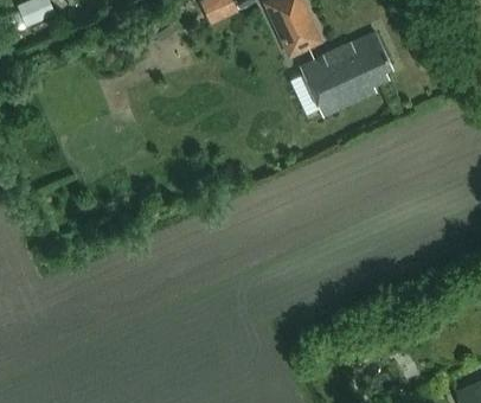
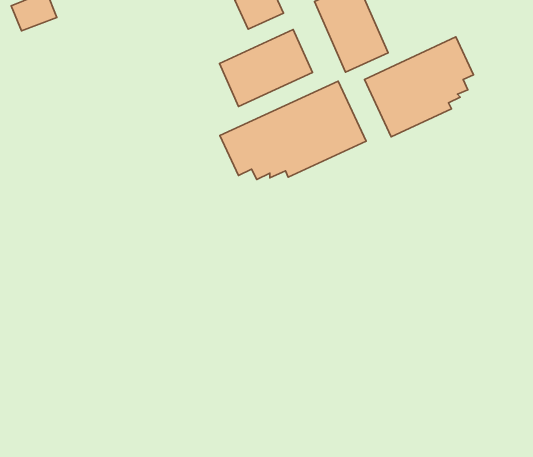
building: none -> [219,30,312,106]
building: none -> [220,81,366,180]

